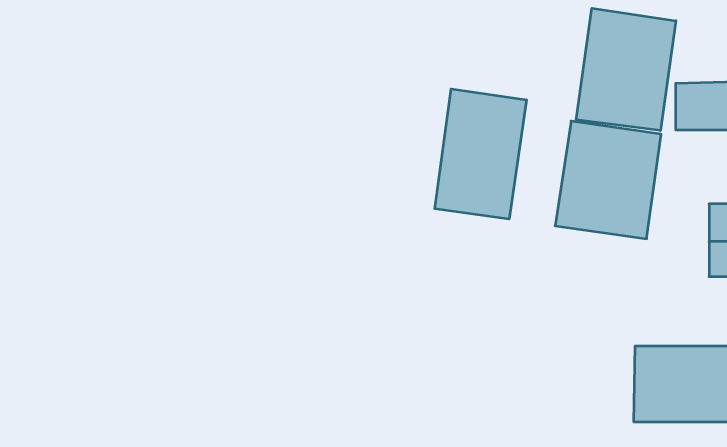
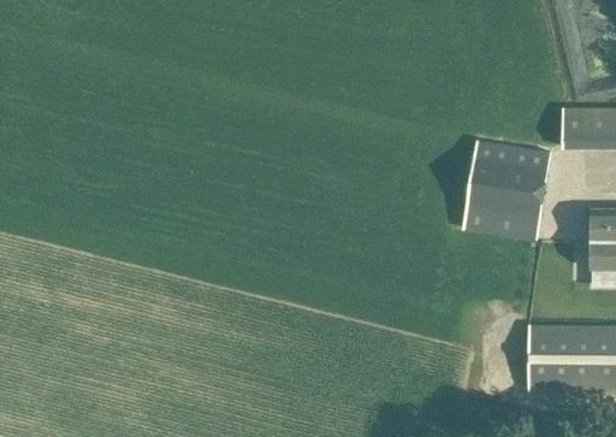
building: [576,8,676,131] -> none
building: [435,89,526,219] -> none

